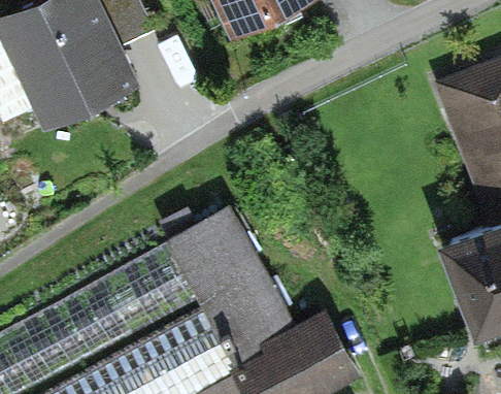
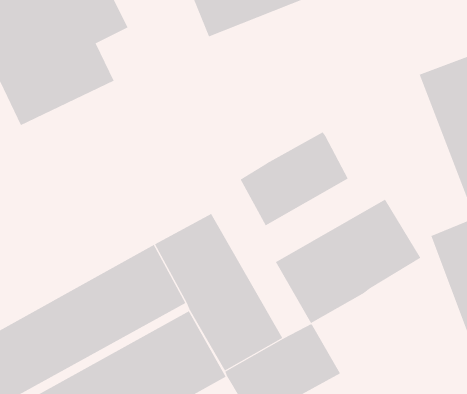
building: none -> [240,132,348,226]
building: none -> [275,199,421,324]

